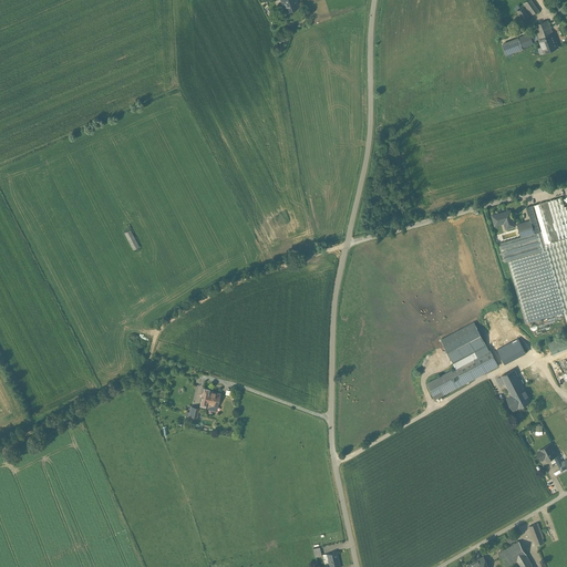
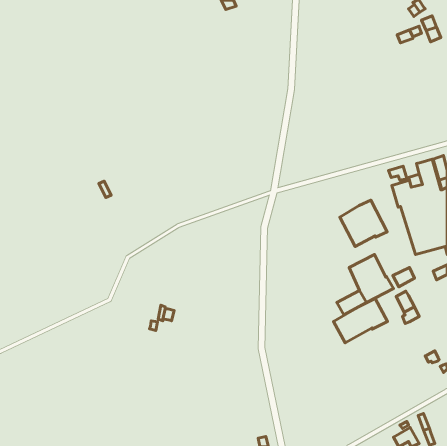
building: none -> [340,200,387,247]
building: none -> [334,299,387,343]

